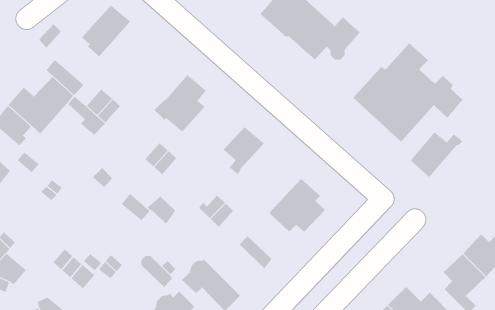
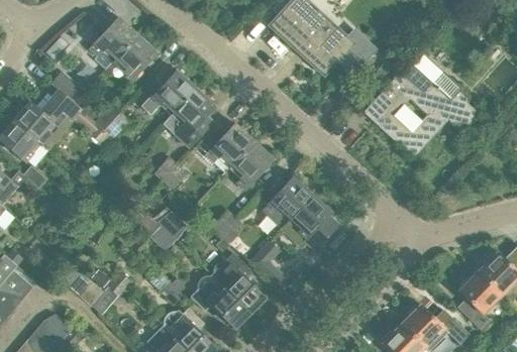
building: none -> [116,34,158,80]
building: none -> [139,71,196,116]
building: none -> [205,123,254,164]
building: [410,131,463,178] -> none
building: none -> [261,177,312,229]
building: none -> [212,253,267,314]

